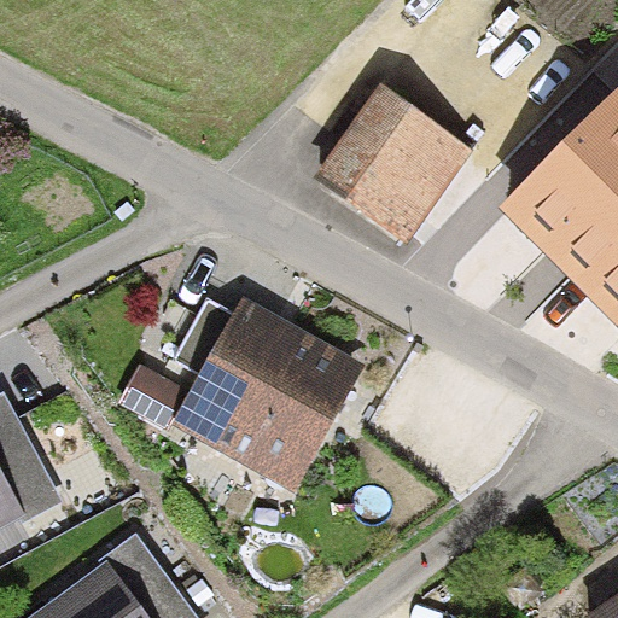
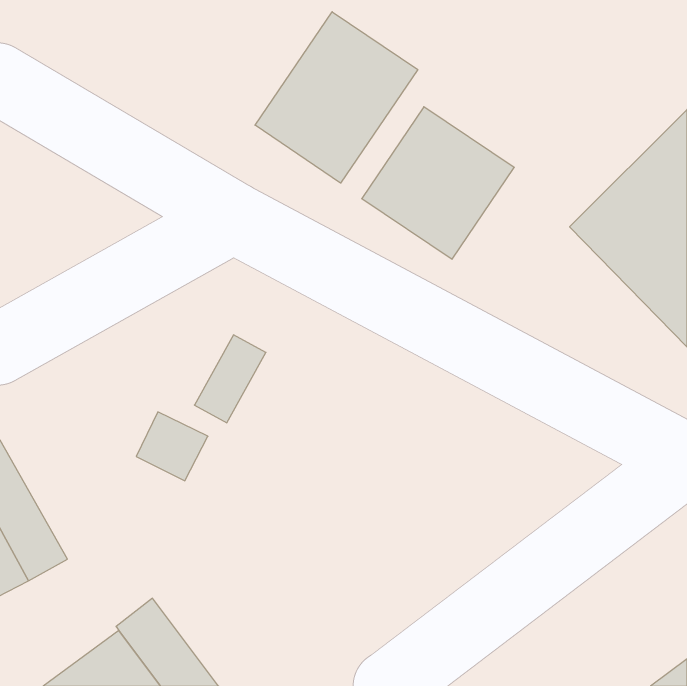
building: none -> [255,12,418,183]
building: [190,314,360,485] -> none

